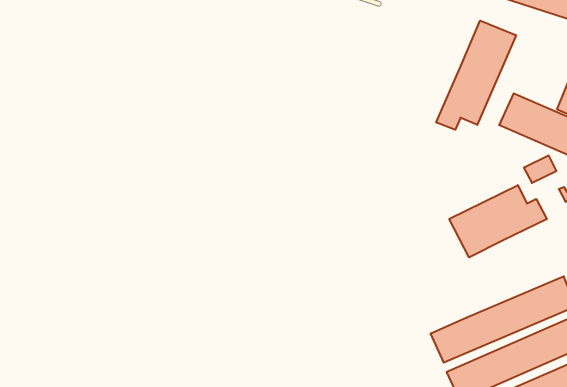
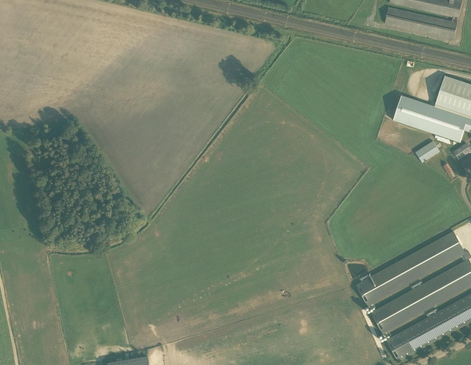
building: [436,21,516,130] -> none
building: [449,185,547,257] -> none

